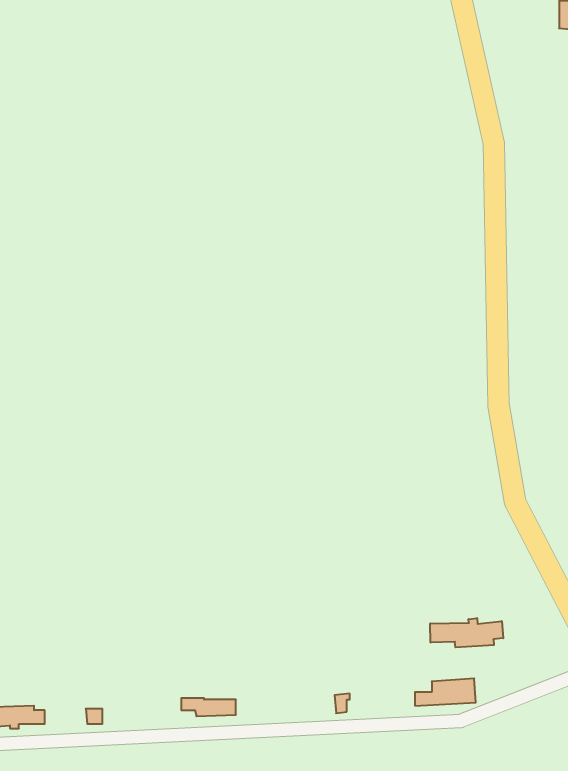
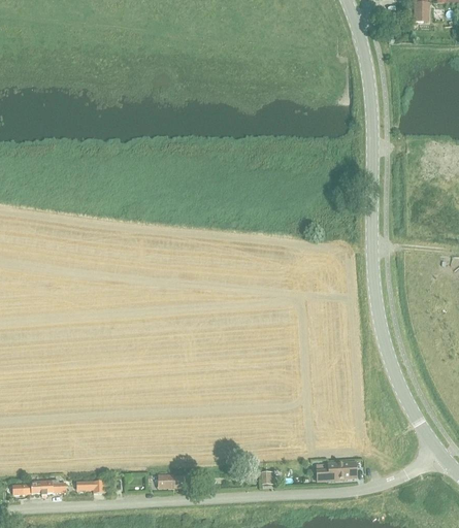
building: [430,618,503,647] -> none

